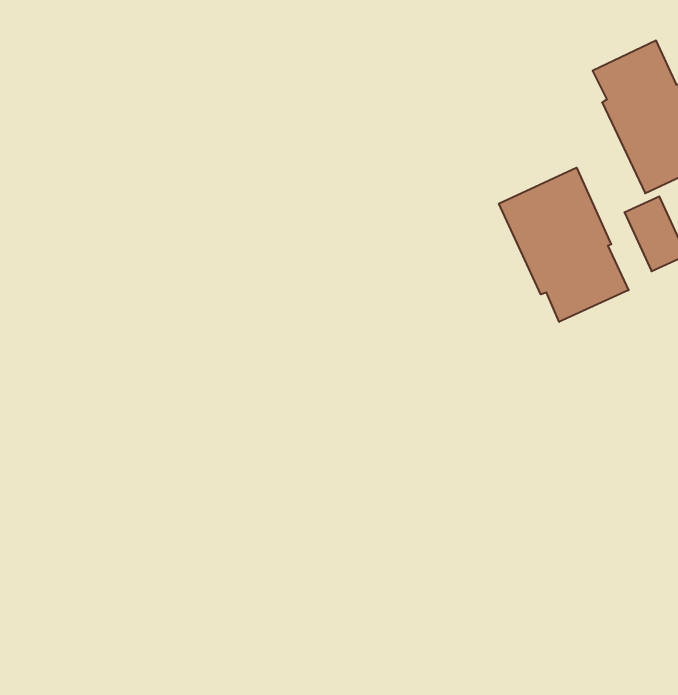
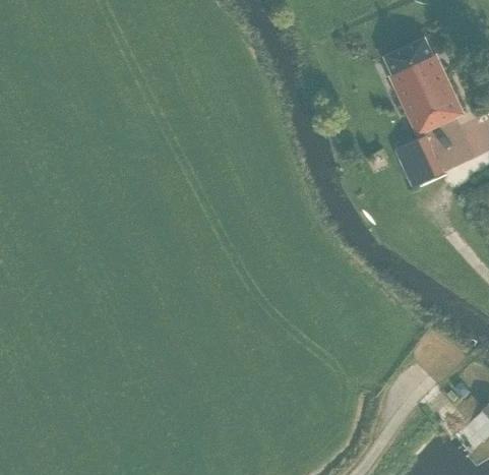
building: [499,168,629,322] -> none

